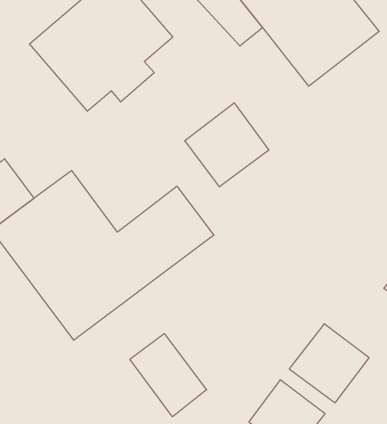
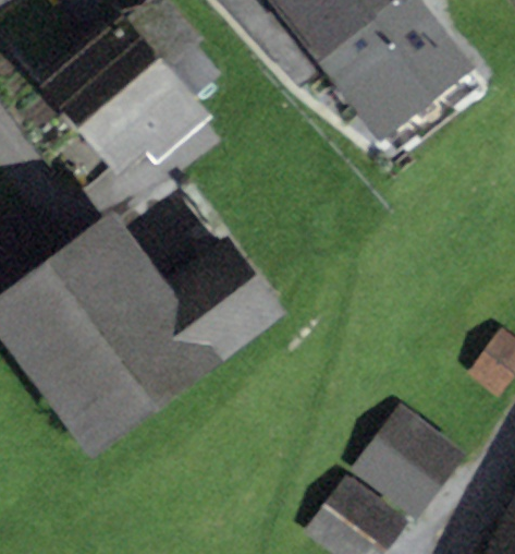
building: [185,103,269,187] -> none
building: [130,334,207,417] -> none

